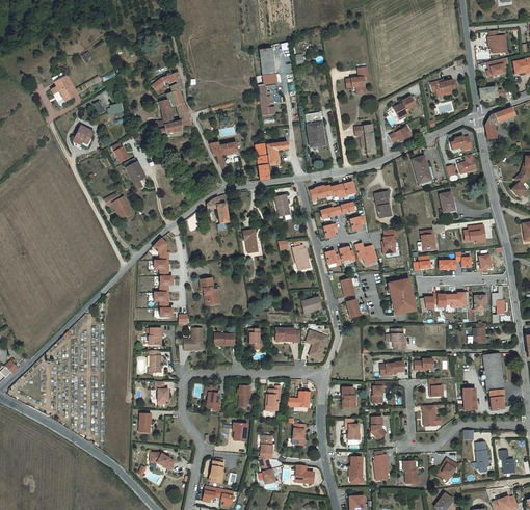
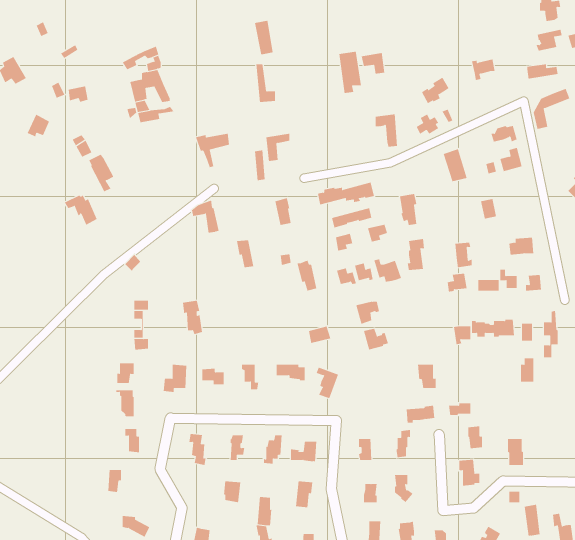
building: [304,113,323,147] -> [339,51,362,94]
building: [388,278,415,315] -> none
building: [485,353,505,409] -> none

